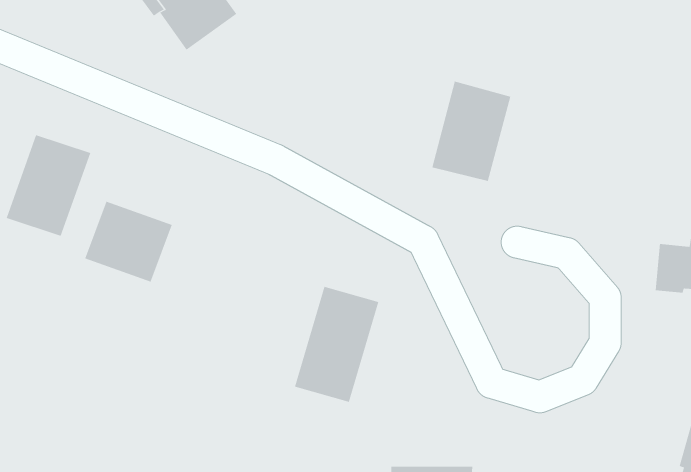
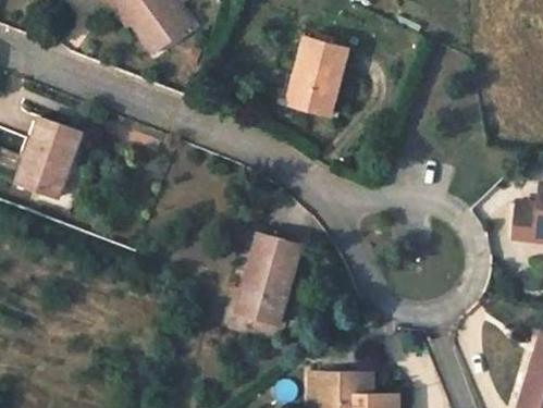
building: [432,81,511,182] -> [286,37,347,114]
building: [85,201,173,282] -> none

